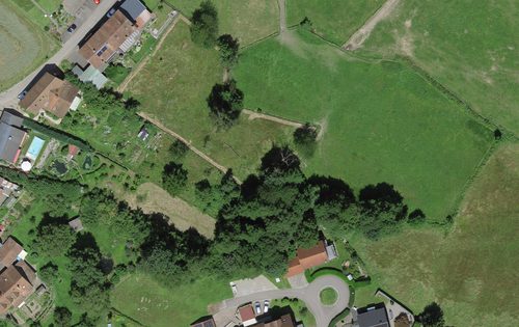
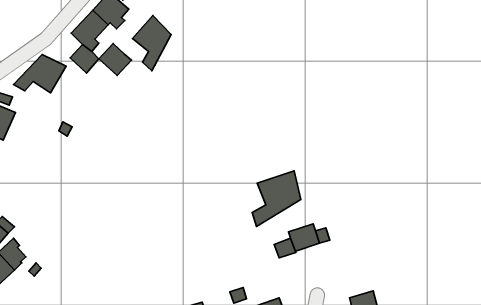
building: none -> [132,15,171,71]
building: none -> [99,43,131,75]
building: none -> [252,171,301,226]

